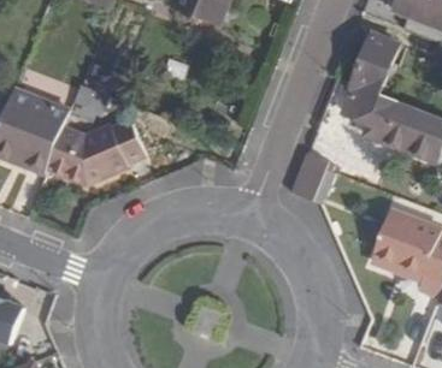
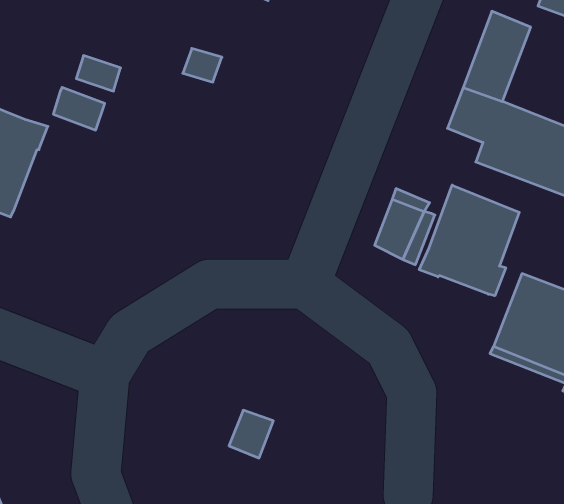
building: [46,119,143,183] -> none
building: none -> [419,185,519,296]

